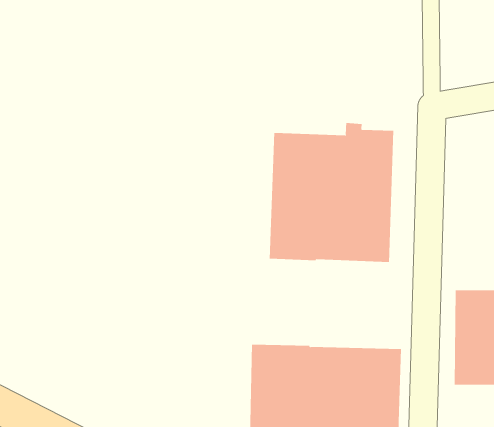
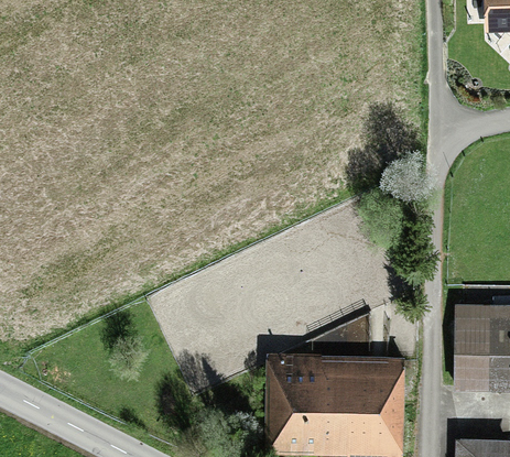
building: [269,122,394,263] -> none

